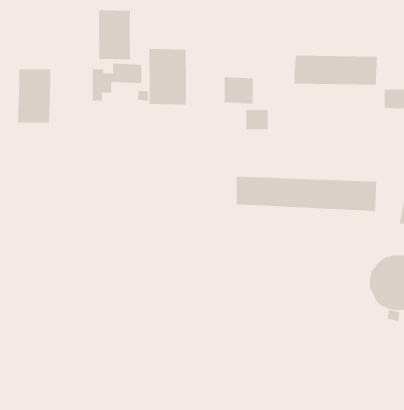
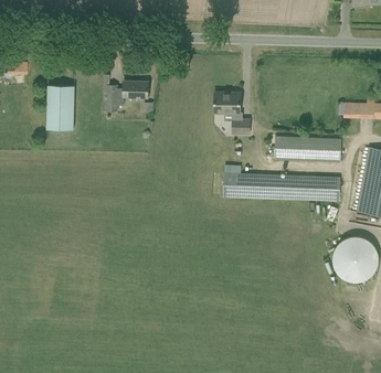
building: [98,9,130,60] -> none
building: [149,48,187,105] -> none
building: [294,55,378,85] -> [275,136,343,160]

